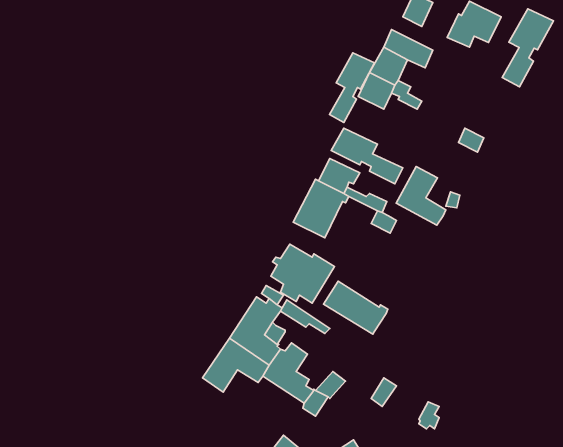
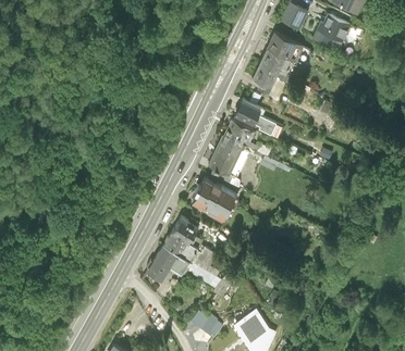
building: [502,9,553,87] -> none
building: [329,53,375,122] -> none
building: [396,167,446,225] -> none
building: [323,281,388,334] -> none

